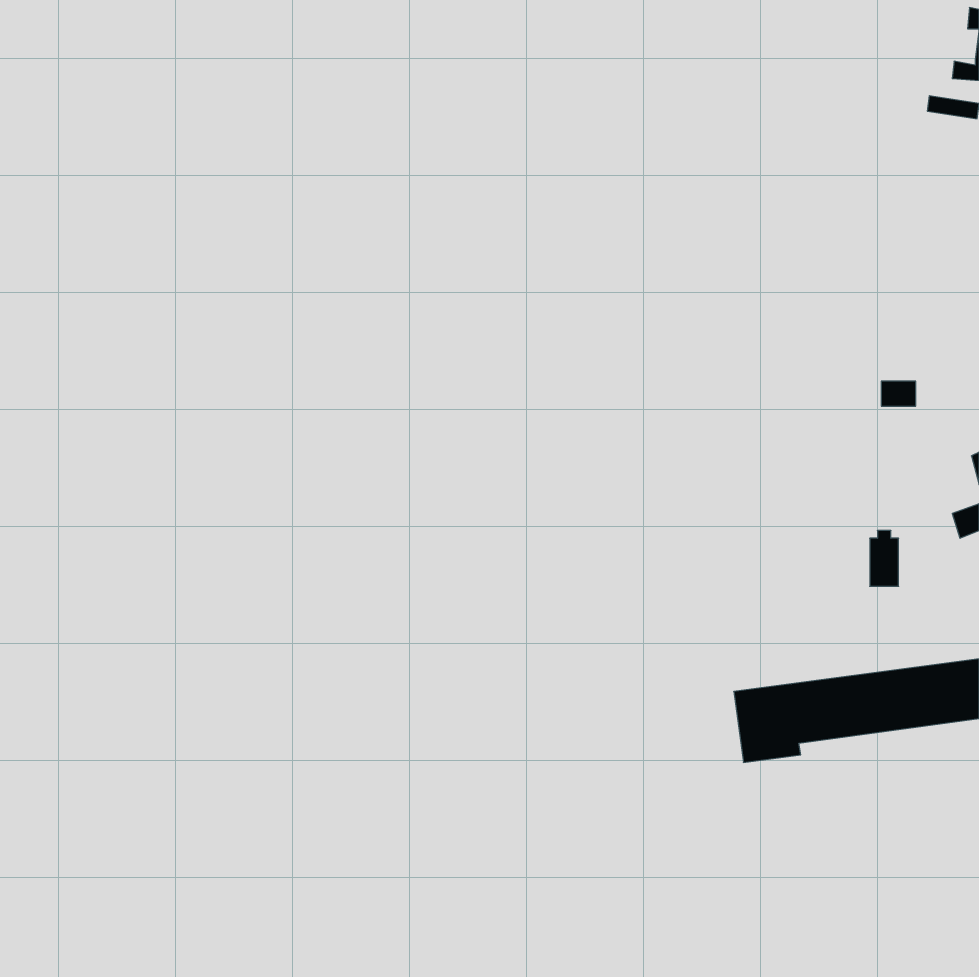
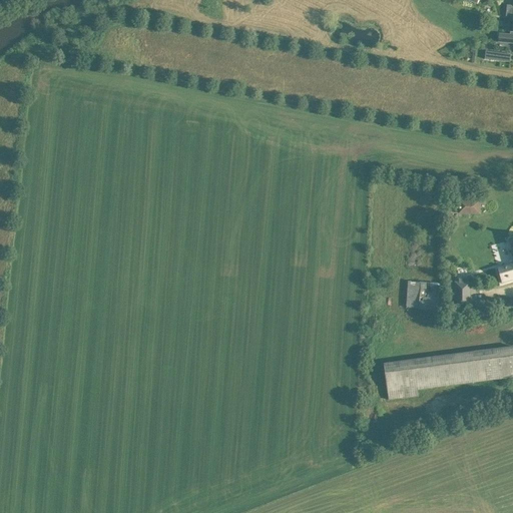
building: none -> [406,281,445,311]

